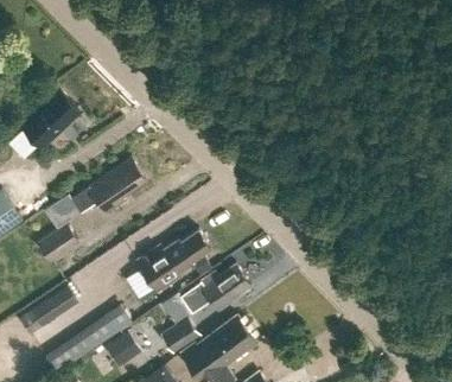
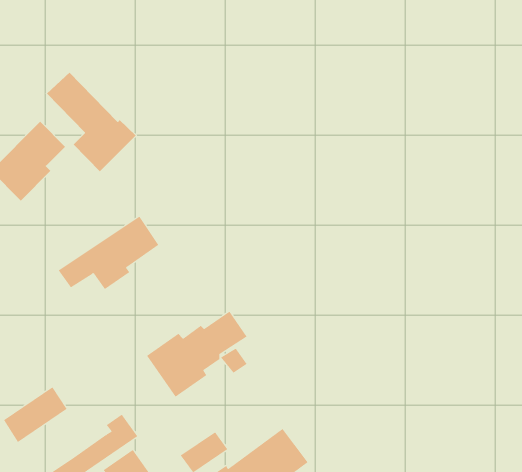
building: none -> [46,72,136,172]
building: [38,225,78,262] -> none
building: [180,265,252,314] -> none

